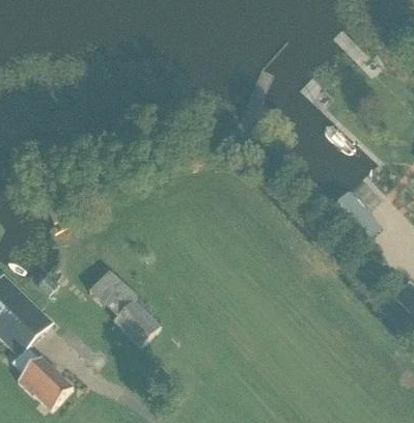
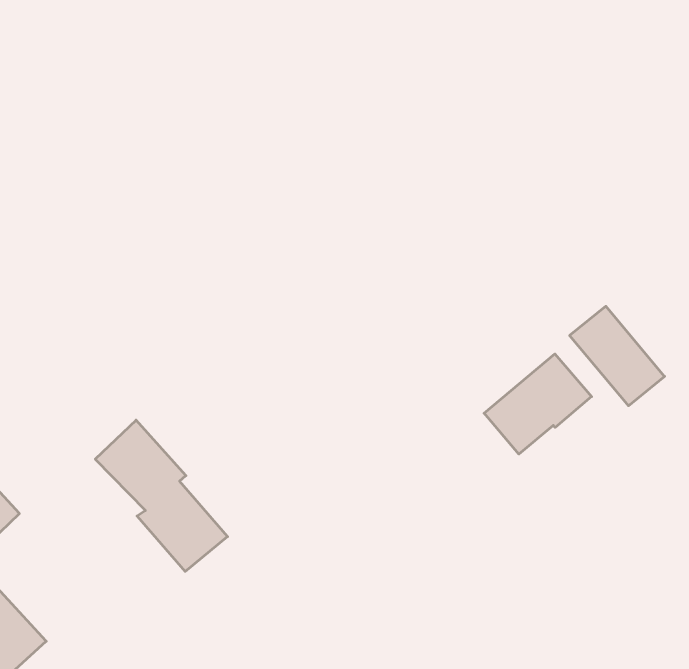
building: none -> [484,354,592,454]

